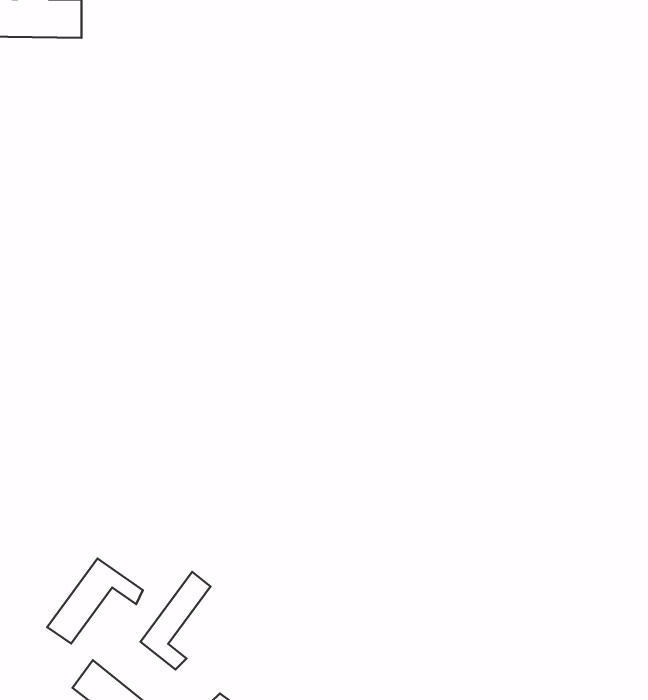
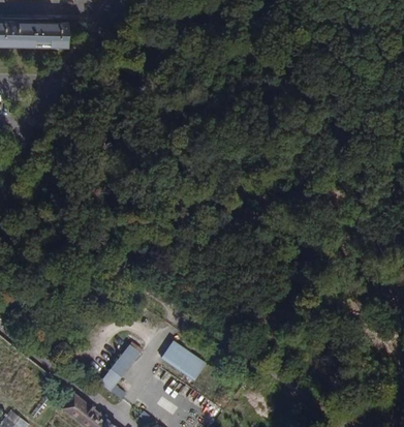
building: [47,559,143,644] -> none
building: none -> [161,341,204,379]

